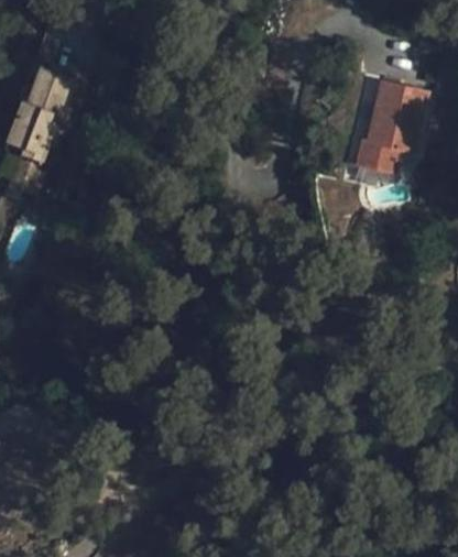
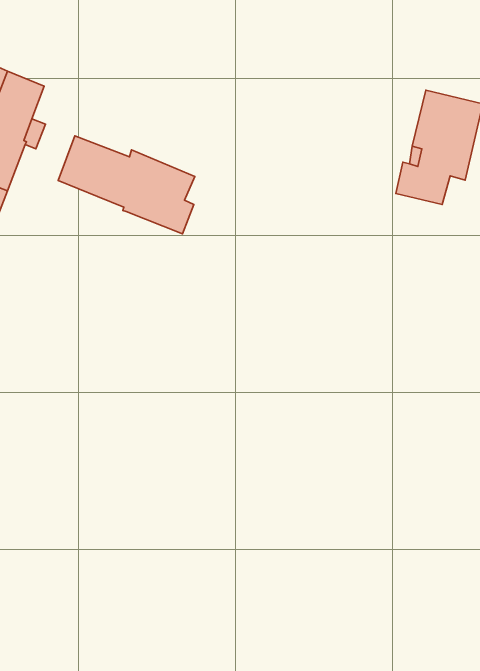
building: none -> [58,136,195,234]

